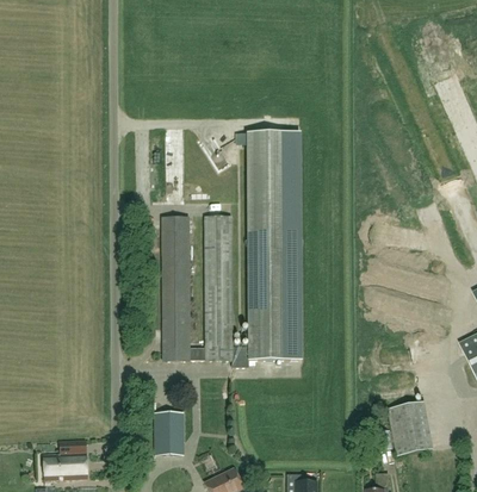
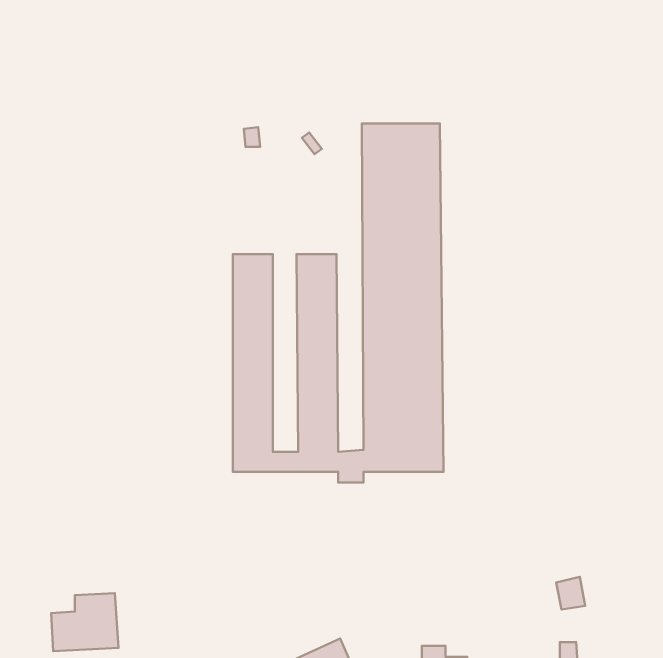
building: [388,399,433,454] -> none
building: [154,410,184,454] -> none

